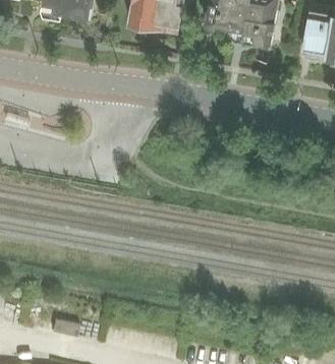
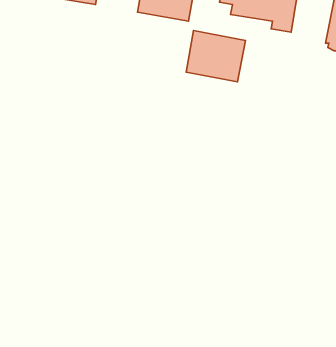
building: none -> [186,30,246,82]

